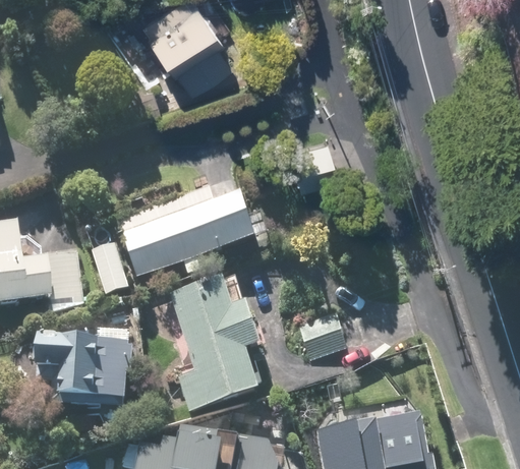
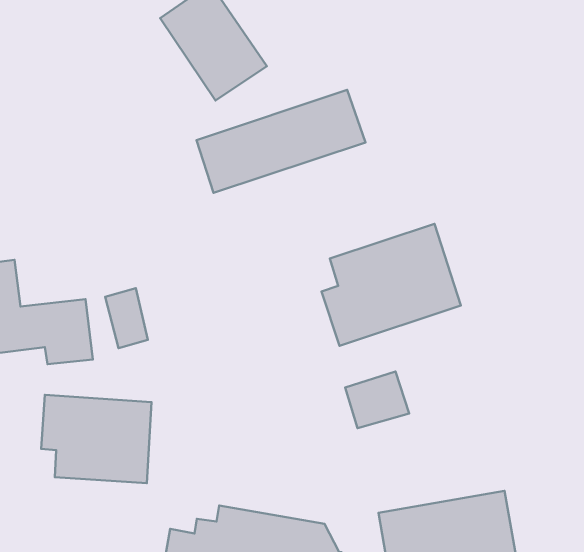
building: [122,189,263,275] -> [196,90,365,193]
building: none -> [321,224,461,346]
building: [168,274,265,409] -> none

